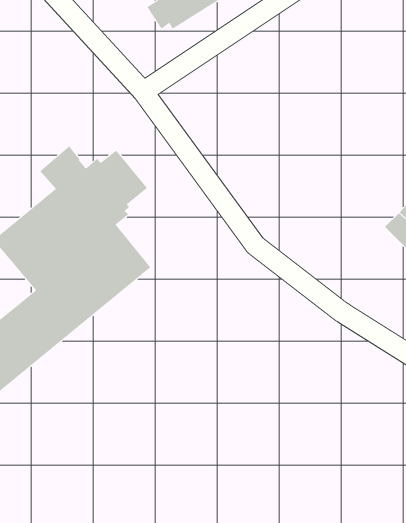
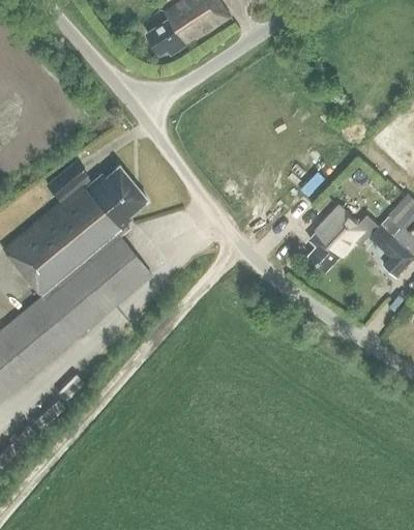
building: none -> [307,209,363,272]

